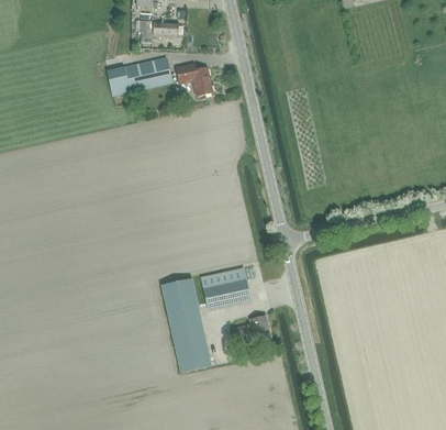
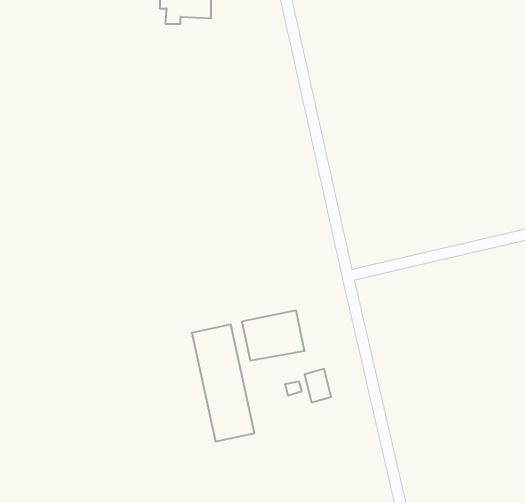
building: [107,56,172,95] -> none
building: [177,64,212,96] -> none

